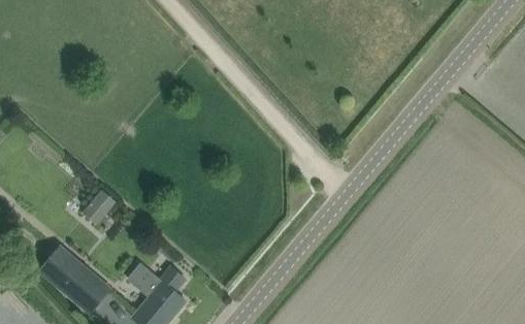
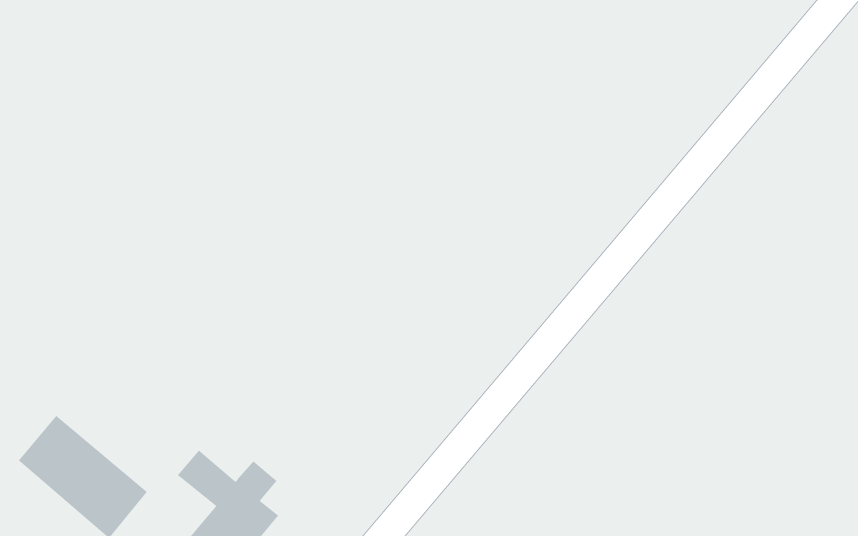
building: [83,188,117,224] -> none

